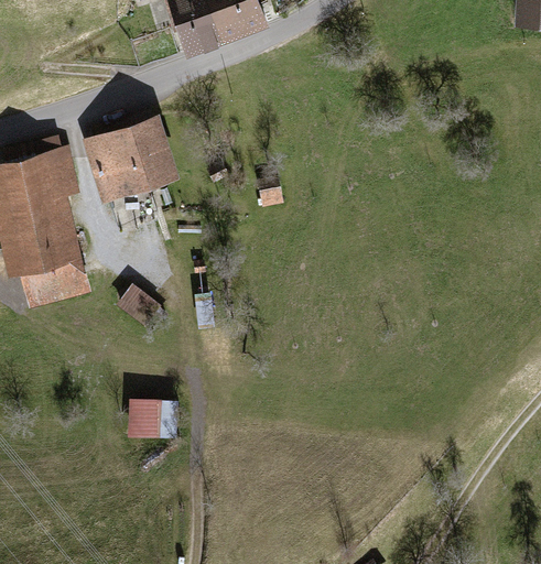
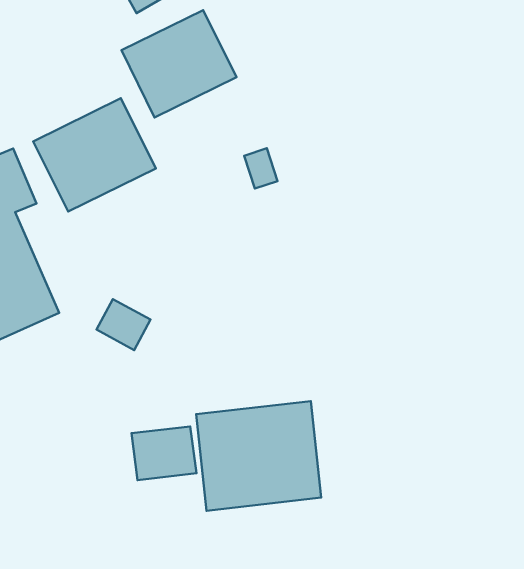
building: none -> [121,10,236,117]
building: none -> [196,401,321,511]

